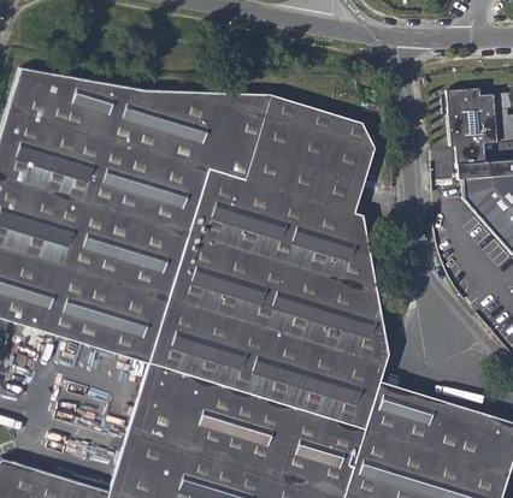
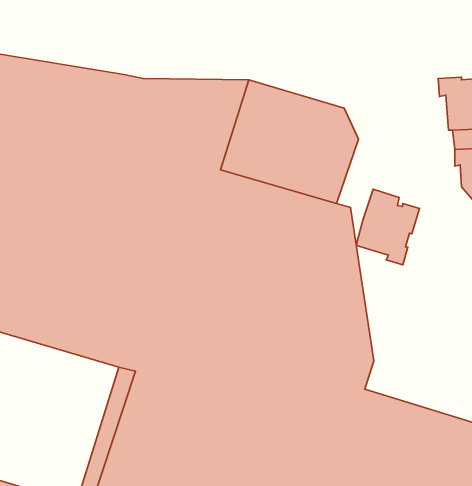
building: none -> [356,189,420,265]

